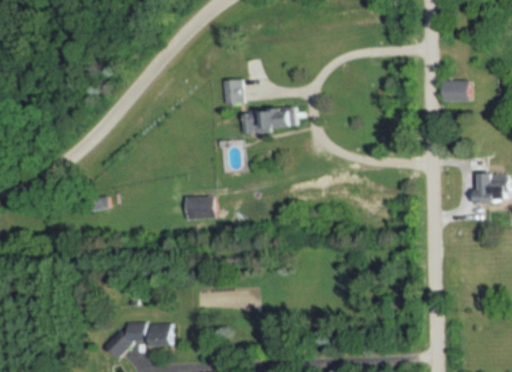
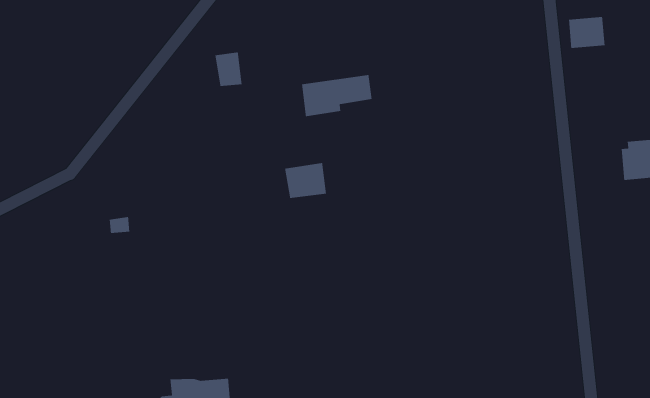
building: [224,79,243,104] -> [214,51,243,87]
building: [185,194,215,219] -> [284,162,327,199]

